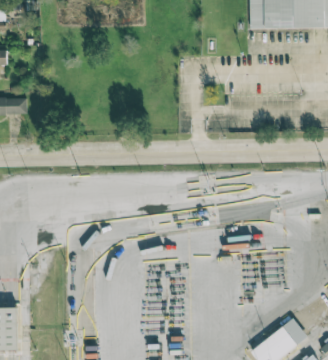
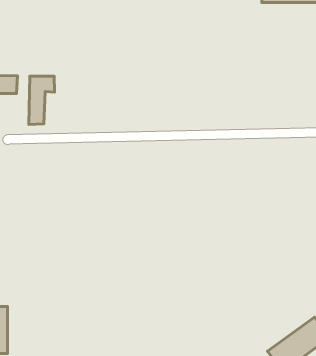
building: none -> [29,76,55,124]

